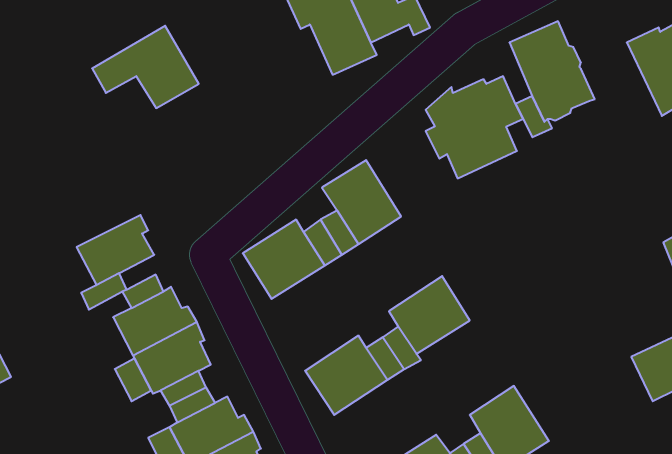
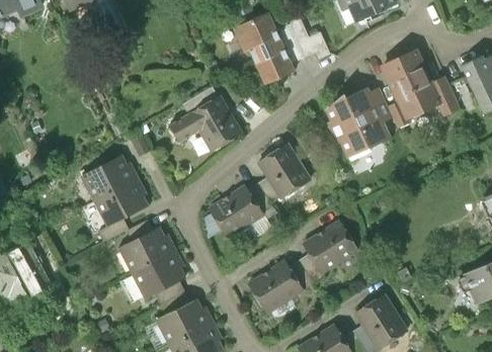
building: [92,26,199,108] -> [171,96,242,151]
building: none -> [430,75,460,116]
building: none -> [82,155,138,200]

